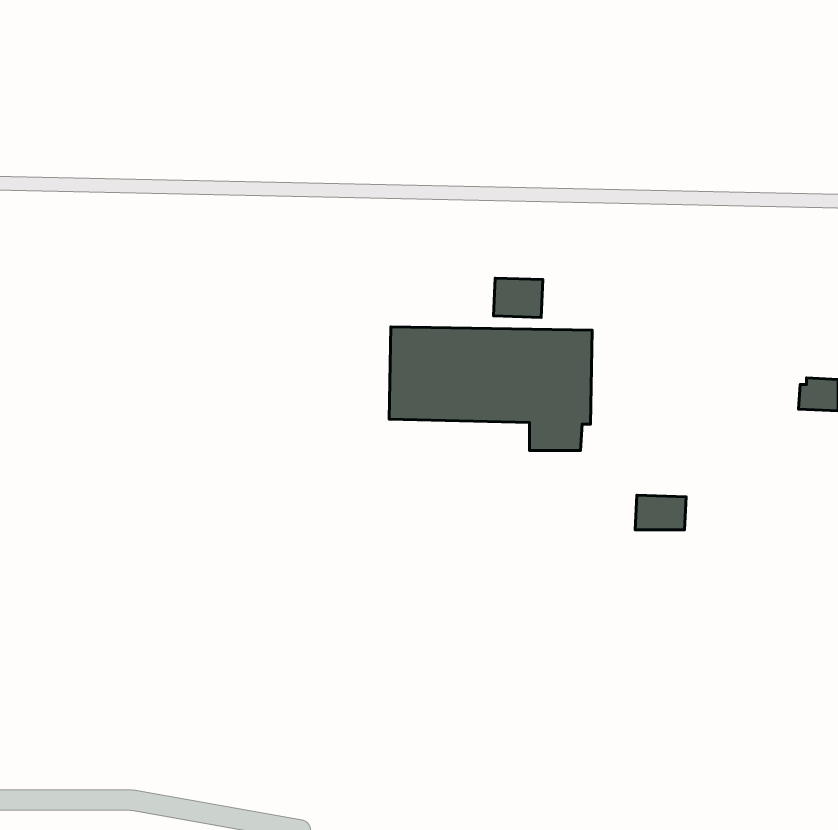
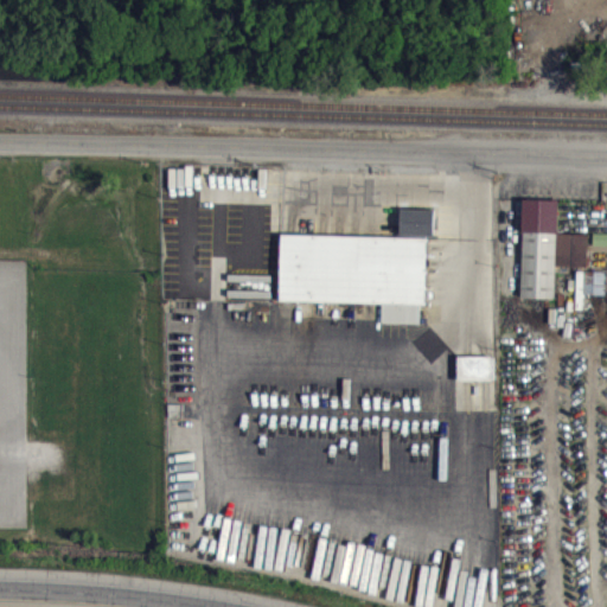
building: none -> [519,199,587,299]
building: [493,278,543,318] -> [398,209,434,237]

